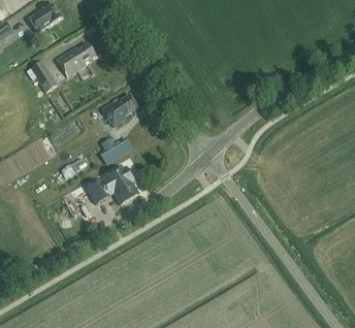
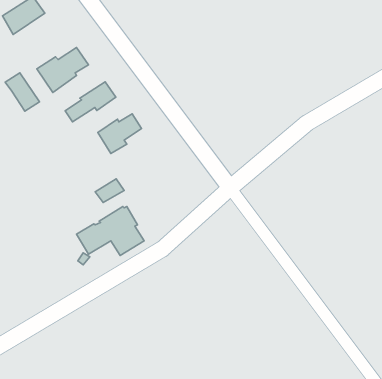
building: none -> [65,82,116,122]

